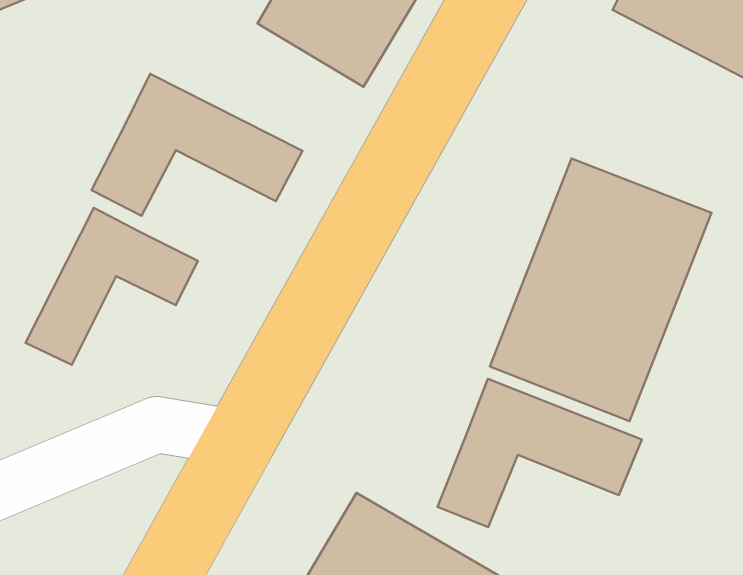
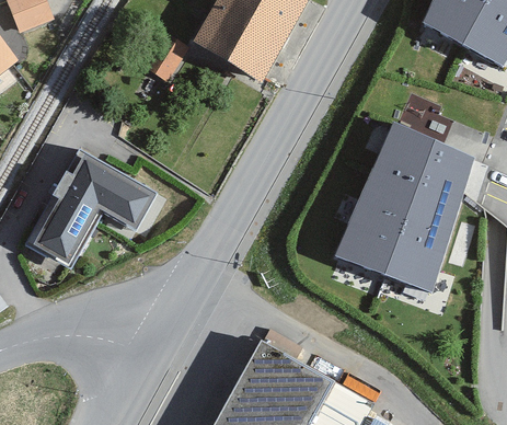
building: [92,74,303,216] -> none
building: [438,379,642,527] -> none

